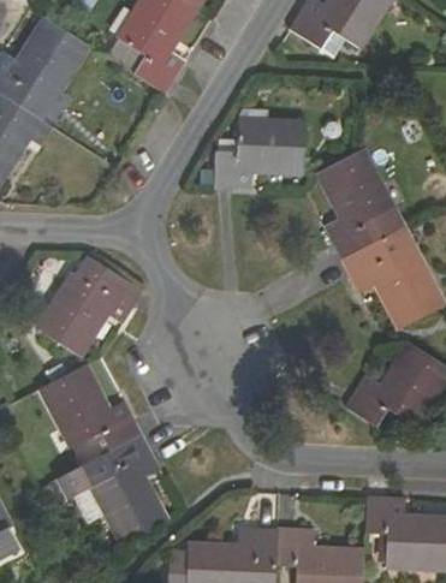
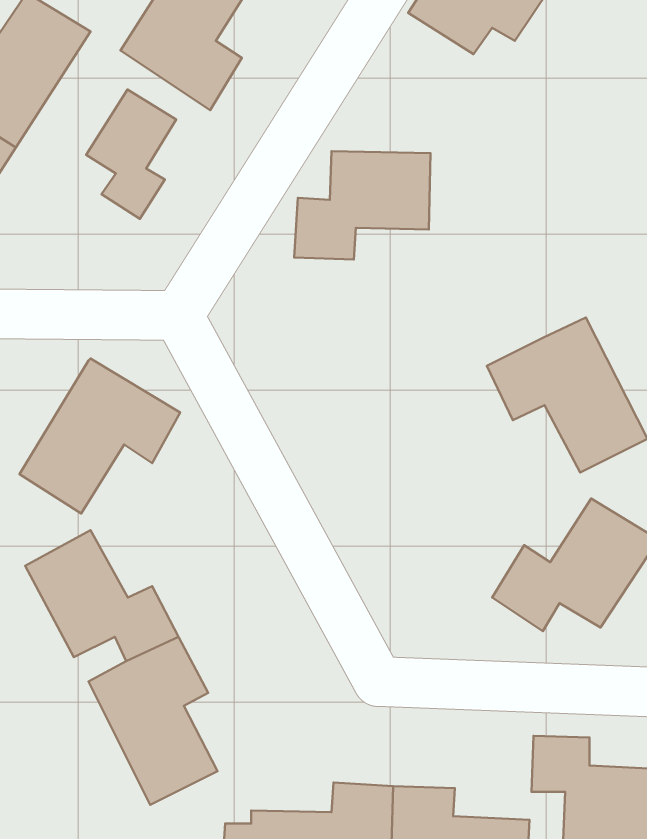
building: none -> [86,89,176,219]
building: [317,149,392,258] -> none

